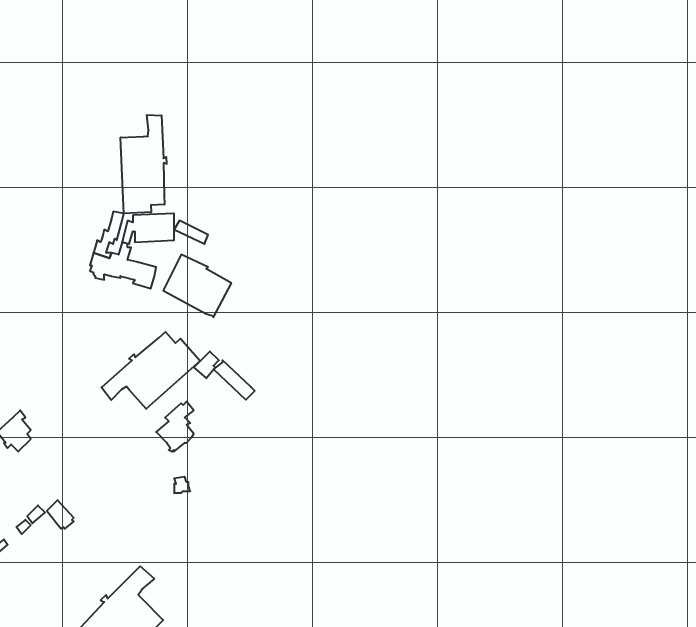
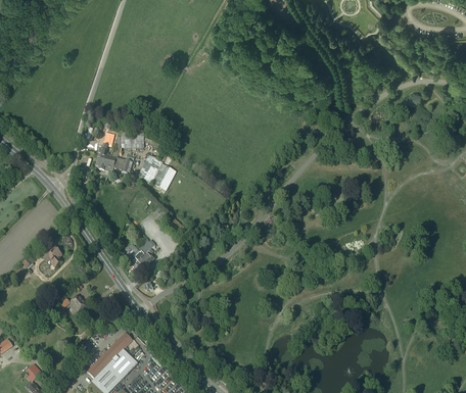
building: [121,115,167,213] -> none
building: [101,332,200,409] -> none

